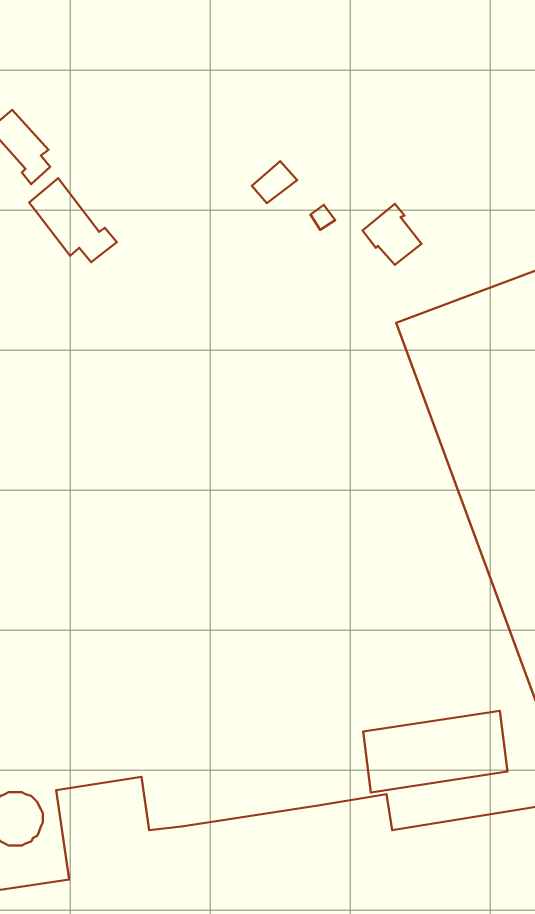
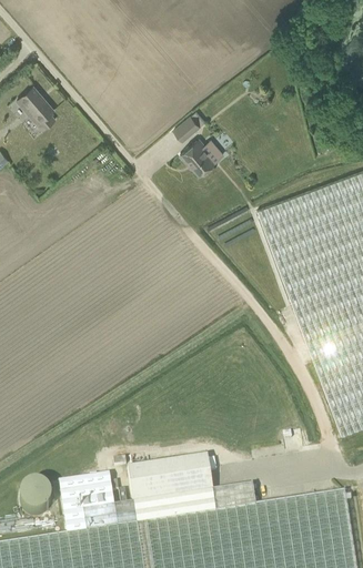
building: [29,178,117,262] -> none
building: [363,204,421,265] -> [180,140,214,175]
building: [363,711,508,792] -> [128,457,212,505]

